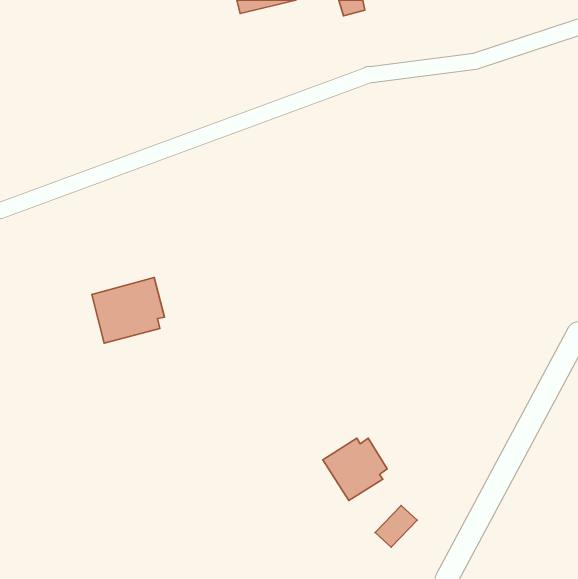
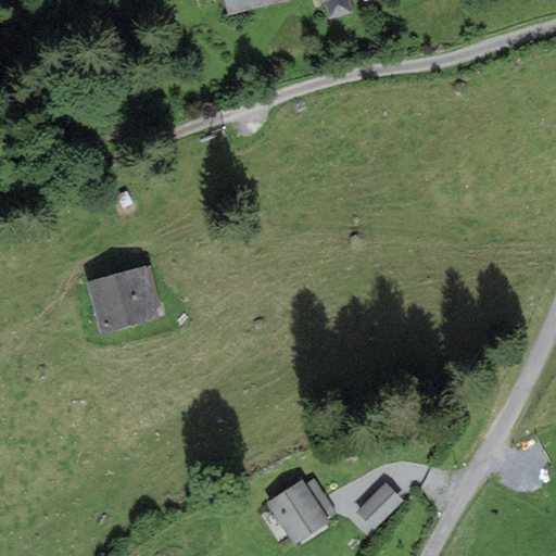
building: [323,438,387,501] -> [269,480,331,540]

